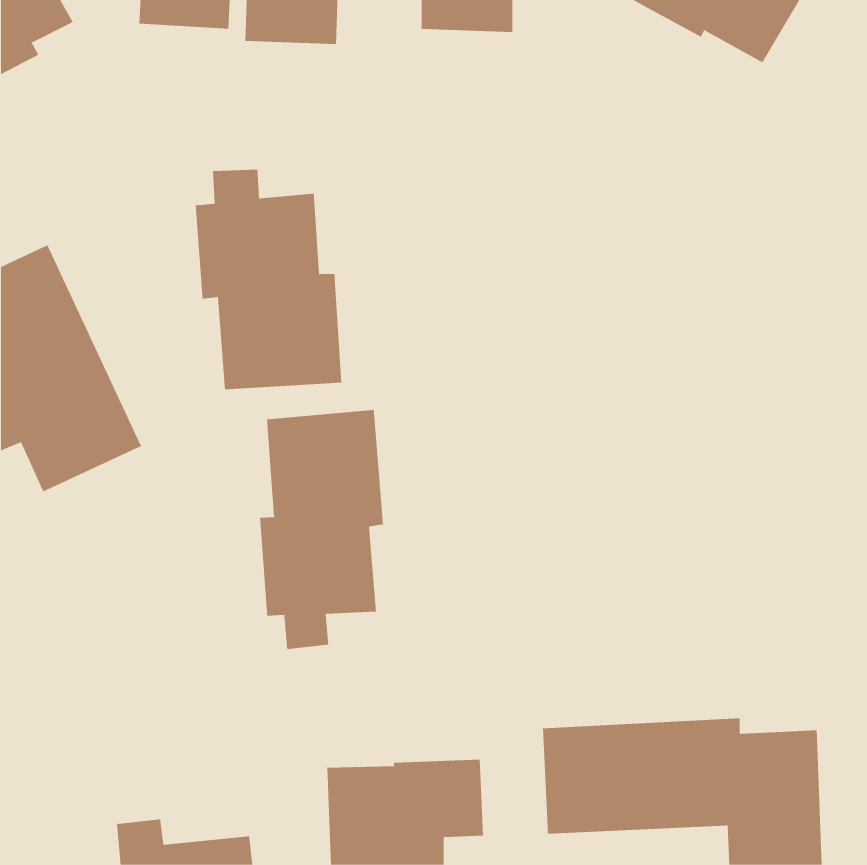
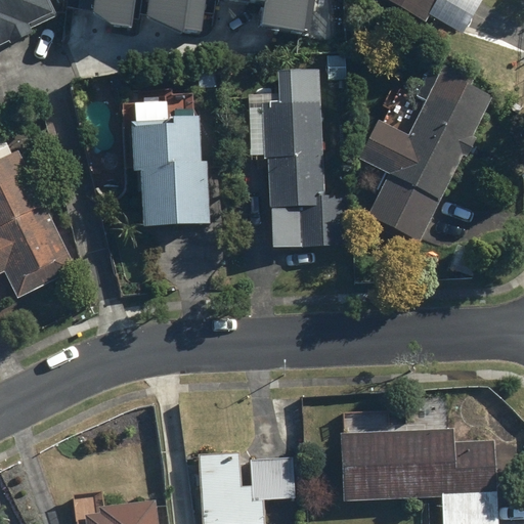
building: none -> [257,53,346,252]
building: none -> [356,70,487,241]
building: [259,409,383,650] -> none

